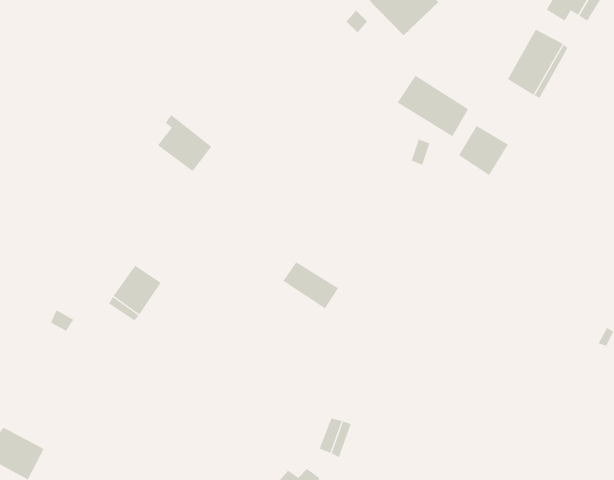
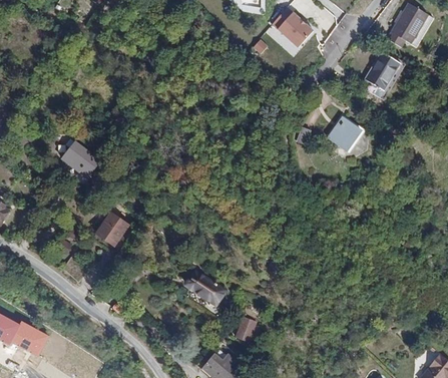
building: [397,75,469,137] -> none
building: [157,114,212,172] -> [62,137,99,176]
building: [282,262,339,309] -> [185,272,223,304]

